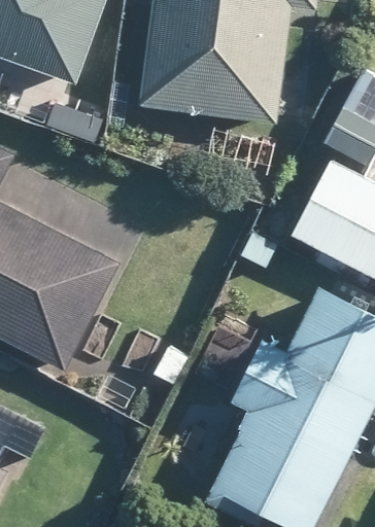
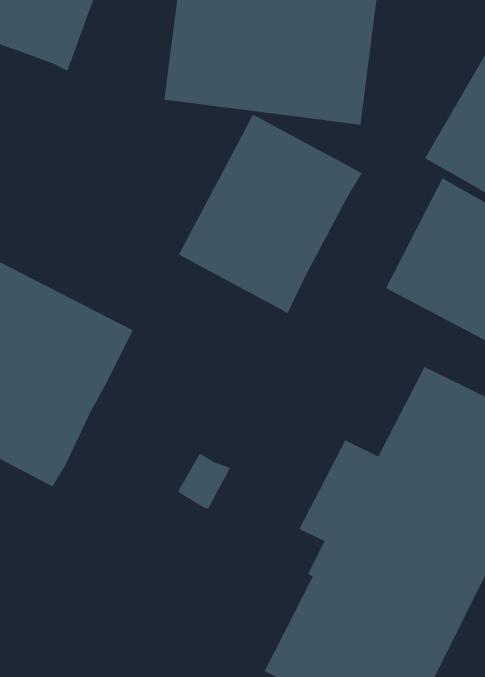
building: none -> [178,114,362,314]

